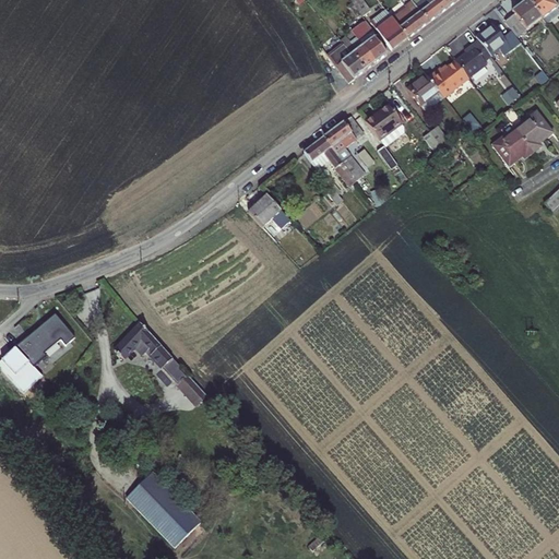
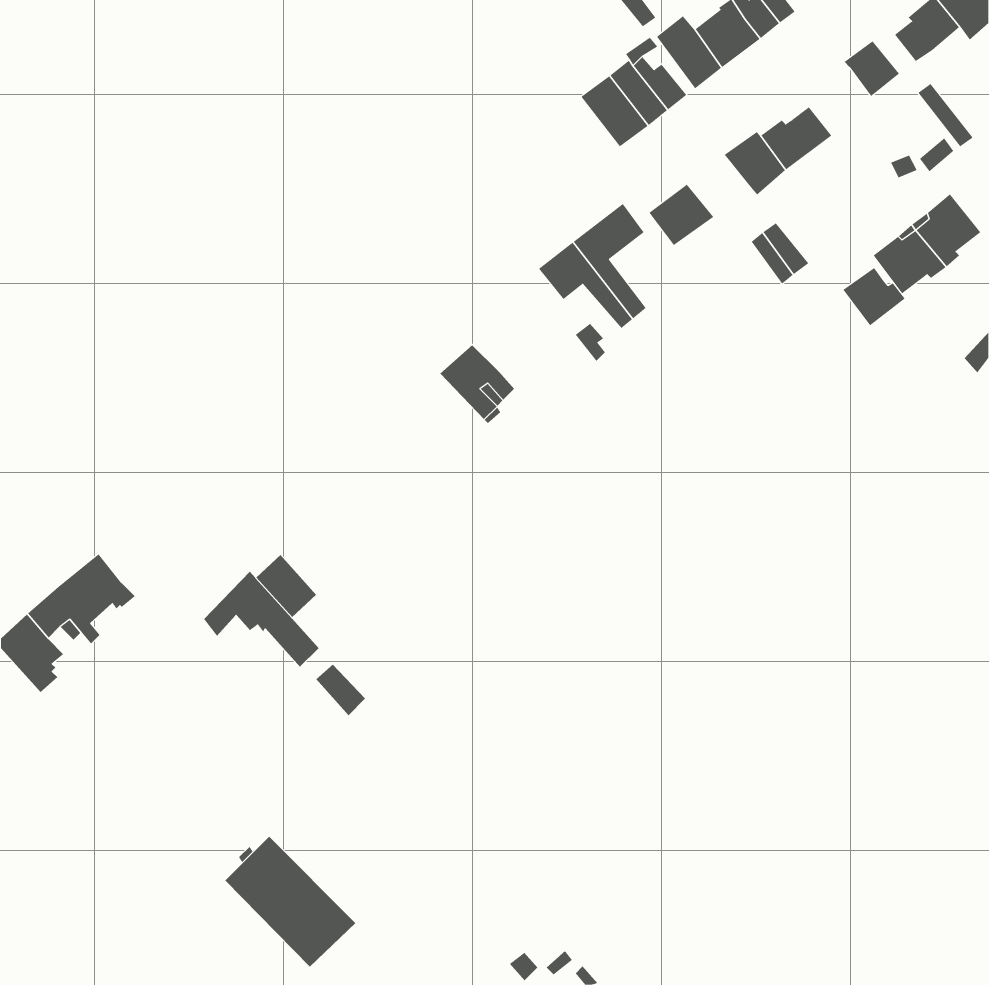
building: [456,38,491,76] -> none
building: none -> [843,267,906,326]
building: none -> [256,554,317,618]

